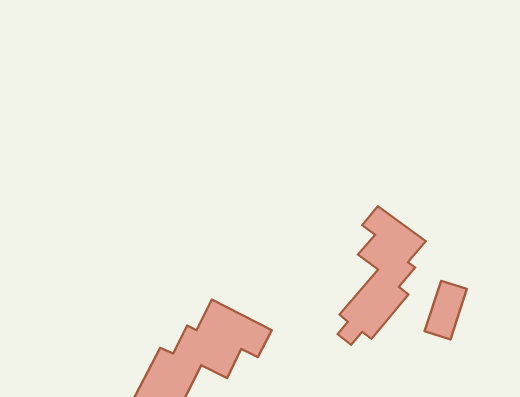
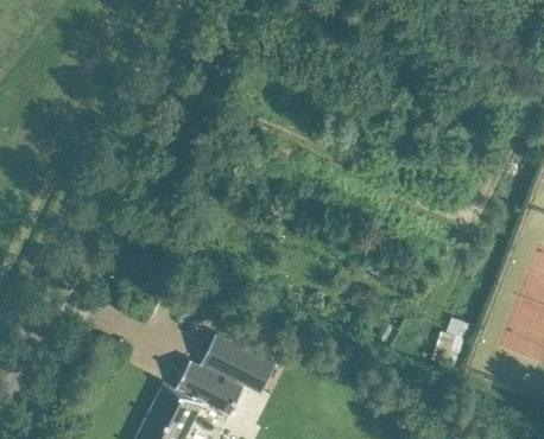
building: [338,206,426,345] -> none

